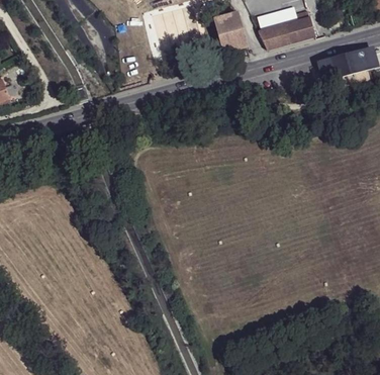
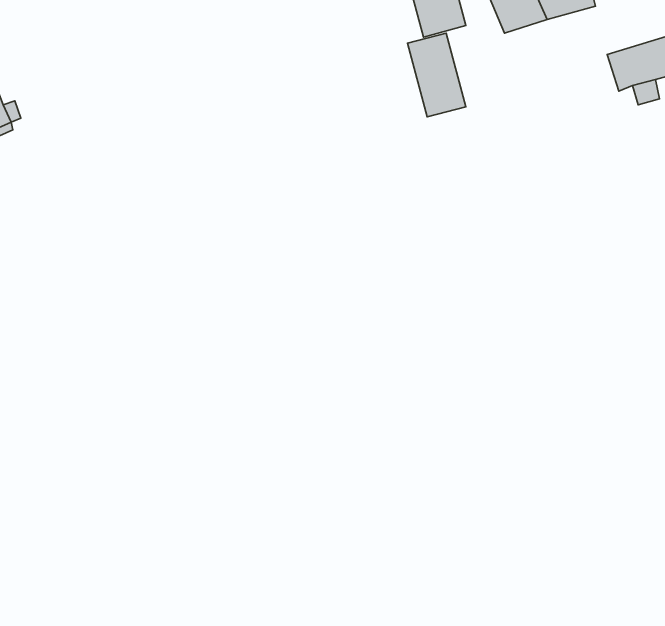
building: none -> [407,33,466,117]

